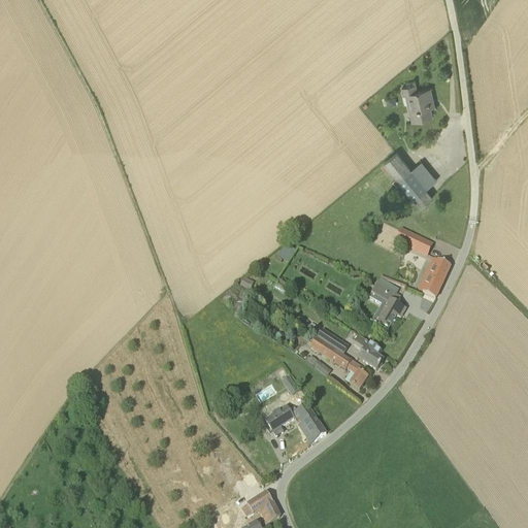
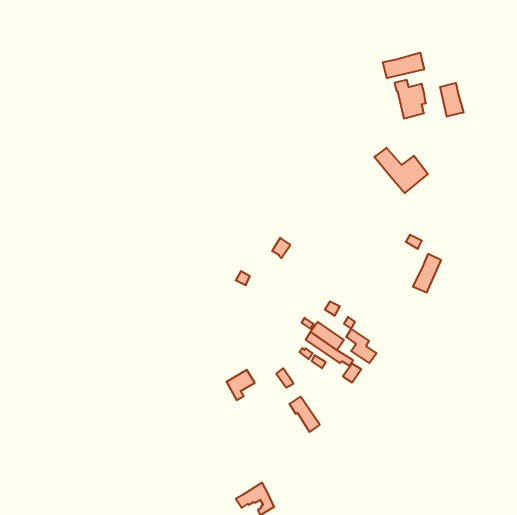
building: none -> [383,53,424,78]
building: none -> [440,83,464,117]
building: [369,283,405,330] -> none
building: [265,405,294,436] -> [226,370,255,400]

